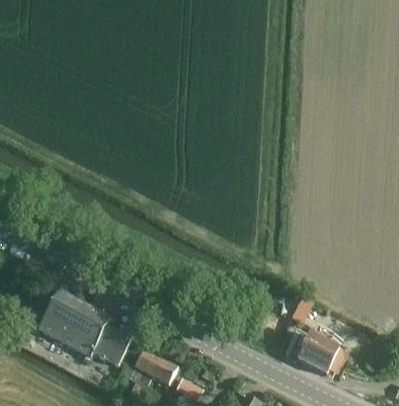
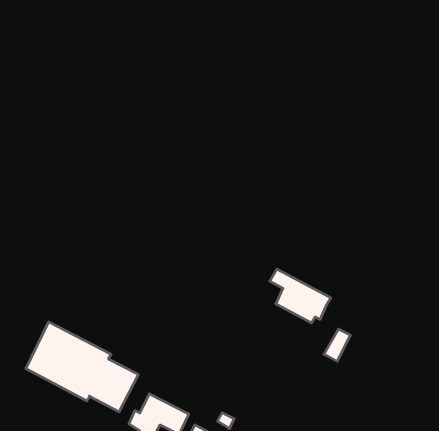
building: [290,328,341,374] -> [270,269,331,323]

